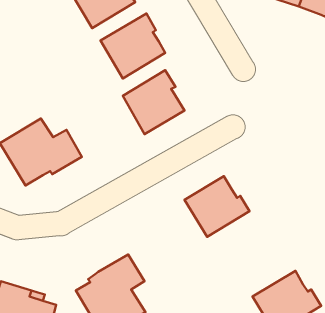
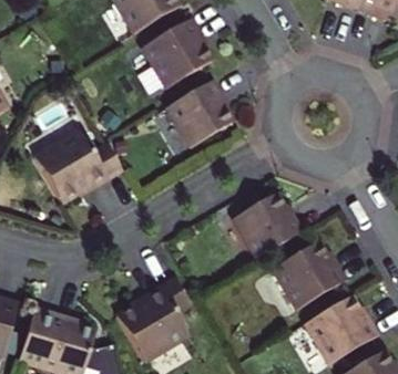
building: none -> [274,240,348,308]

